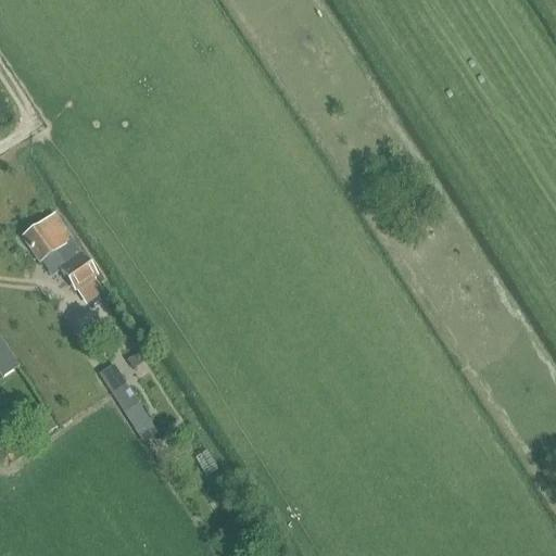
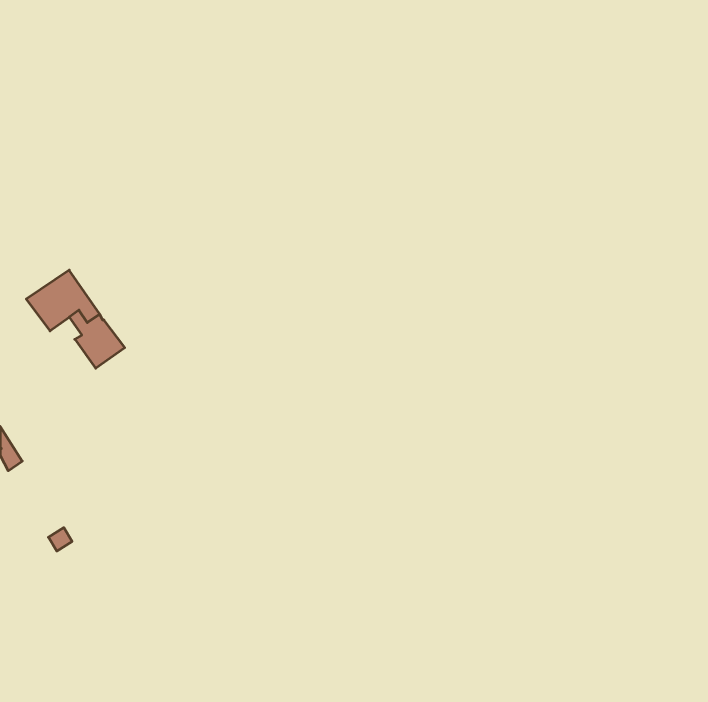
building: [99,363,157,440] -> none

